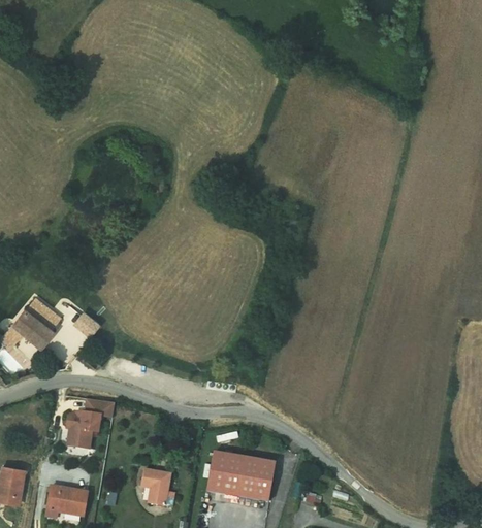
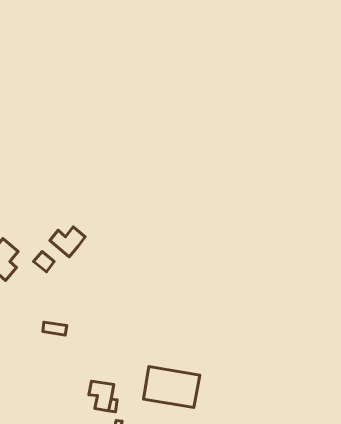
building: none -> [50,227,85,257]
building: [65,411,99,448] -> none
building: [44,486,87,517] -> none

